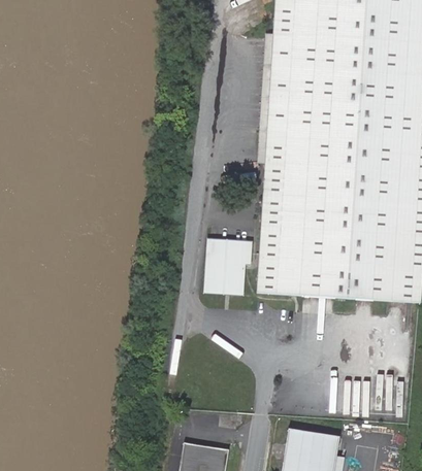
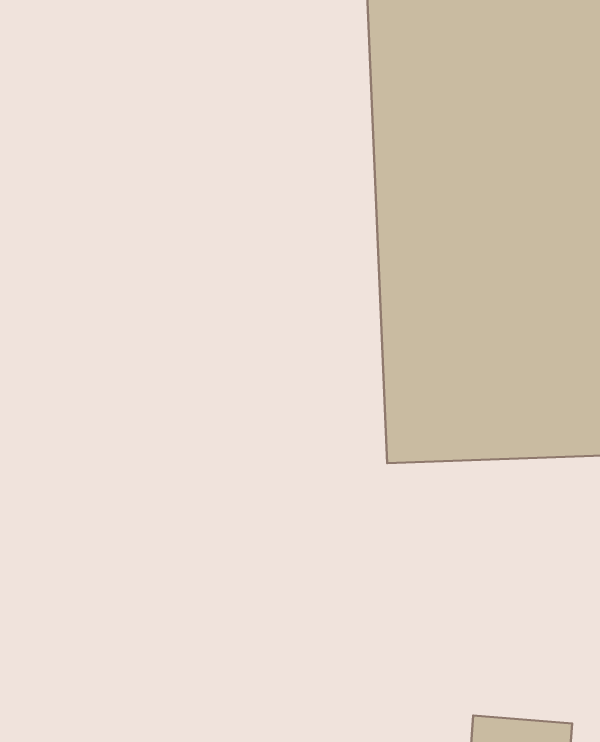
building: [204,239,252,291] -> none

